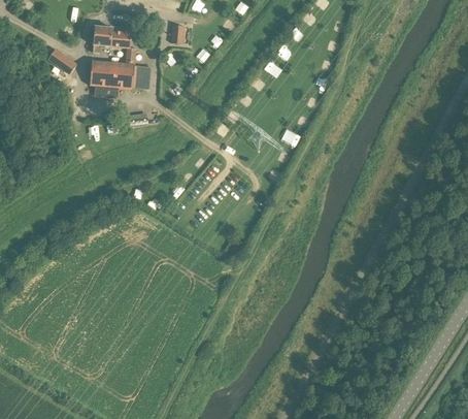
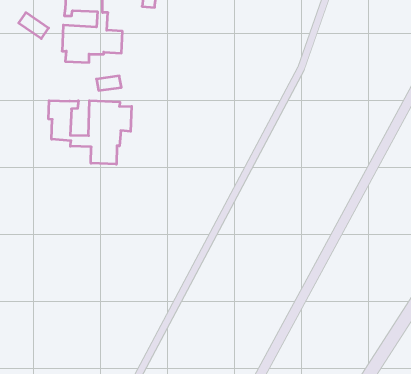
building: none -> [49,101,132,164]

